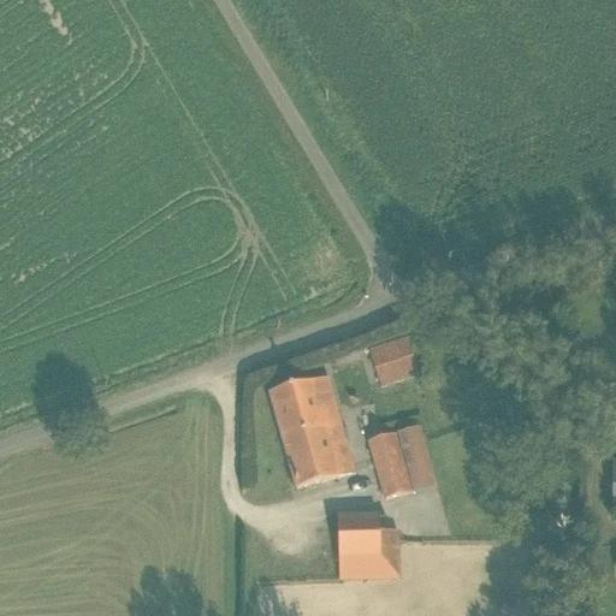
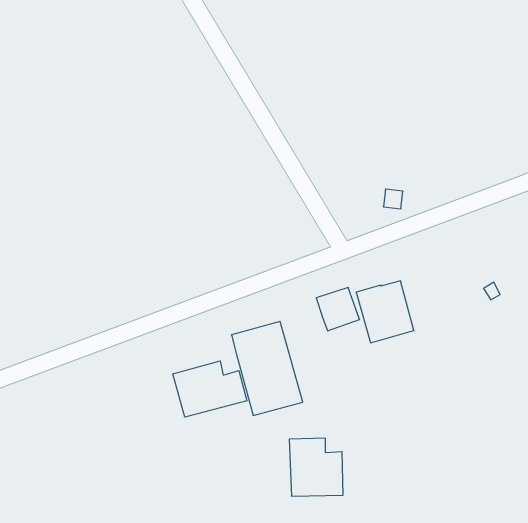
building: none -> [173,361,247,417]
building: [367,425,434,497] -> [356,281,414,343]

